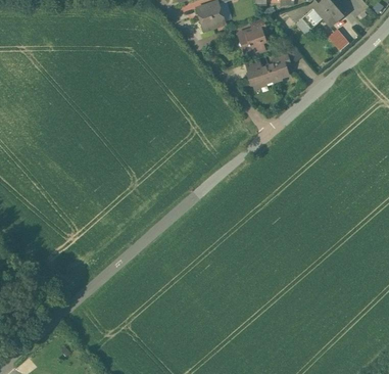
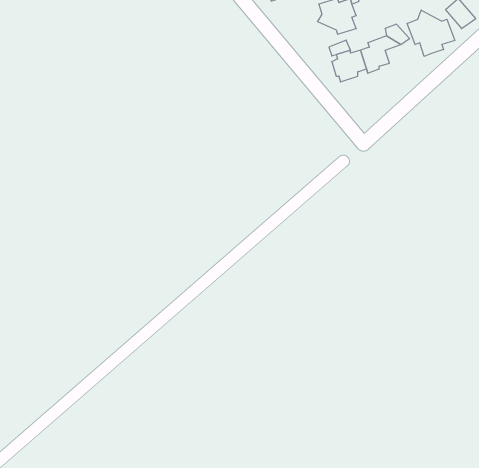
building: none -> [407,10,455,56]

